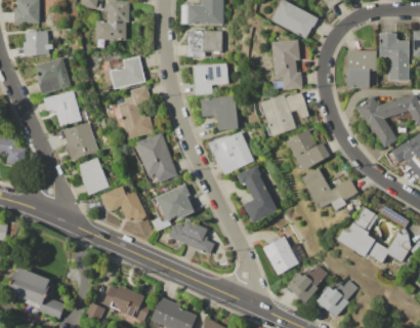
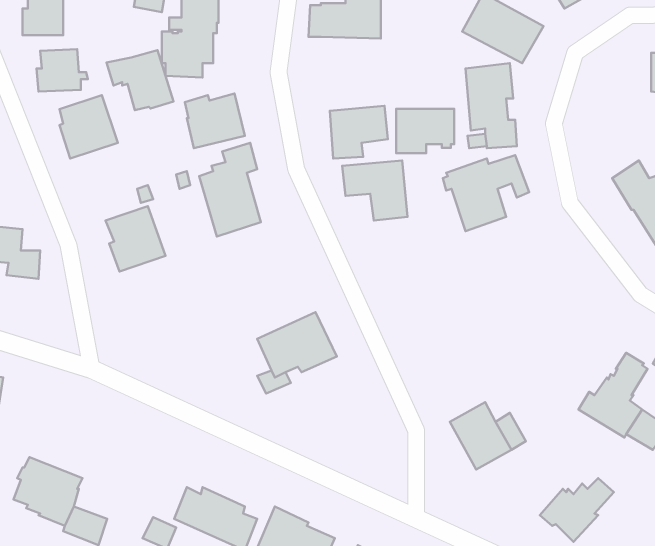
building: [187,31,221,56] -> [396,109,454,153]
building: [345,50,377,88] -> none
building: [43,90,82,125] -> [106,50,174,110]
building: [287,128,331,170] -> none
building: [208,131,255,175] -> none
building: [136,132,178,182] -> none
building: [77,157,109,195] -> none
building: [237,165,278,222] -> none
building: [302,168,359,210] -> none
building: [100,186,146,221] -> none
building: [169,218,215,255] -> none
building: [287,265,328,302] -> none

